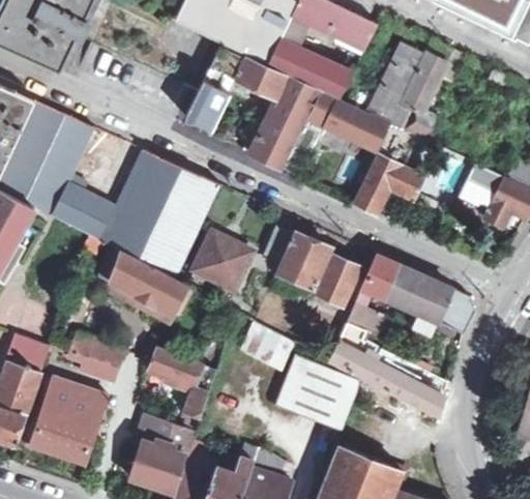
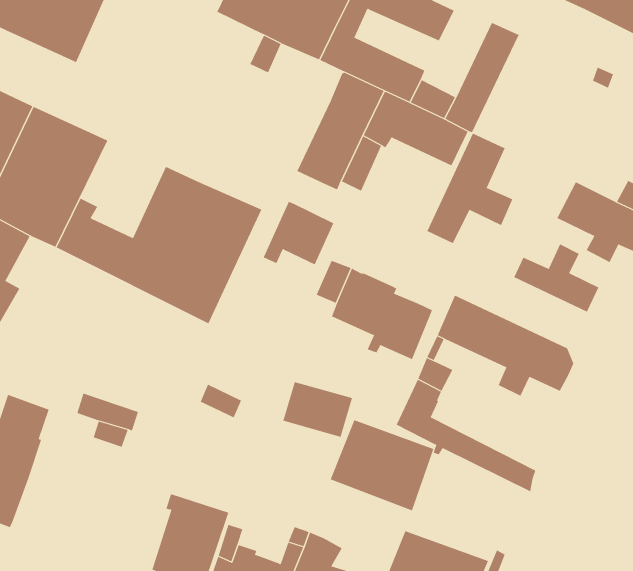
building: [390,38,453,139] -> none
building: [236,55,284,96] -> none
building: [183,79,234,133] -> none
building: none -> [513,243,599,312]
building: [190,235,248,287] -> [263,201,334,265]
building: [100,247,186,311] -> none
building: [148,348,209,417] -> none
building: [17,377,106,461] -> none

